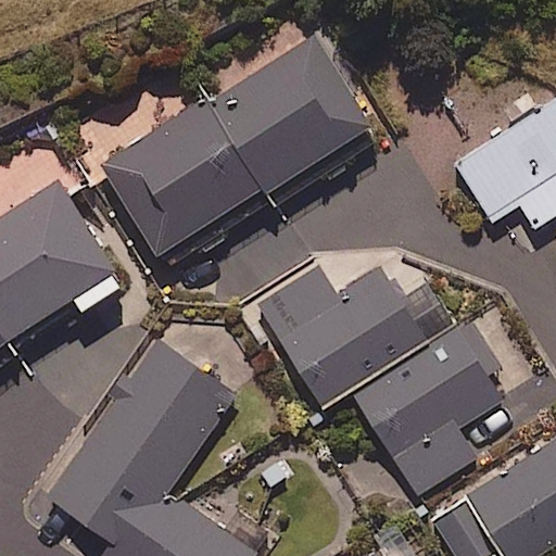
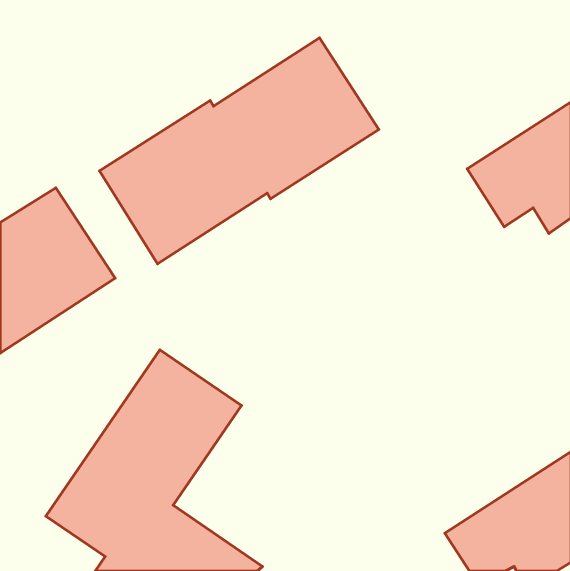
building: [252,263,457,410] -> none
building: [355,324,503,494] -> none

